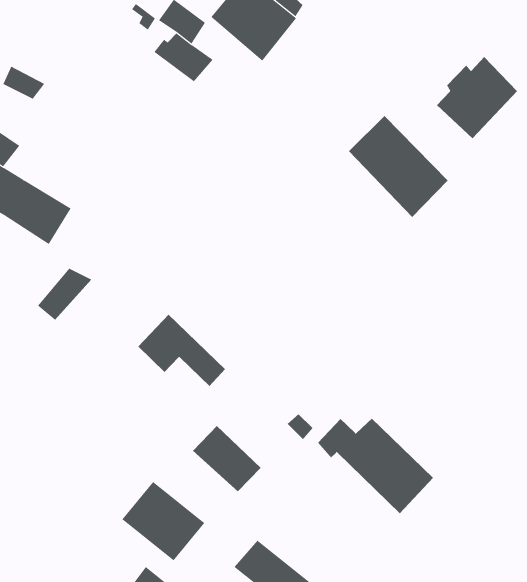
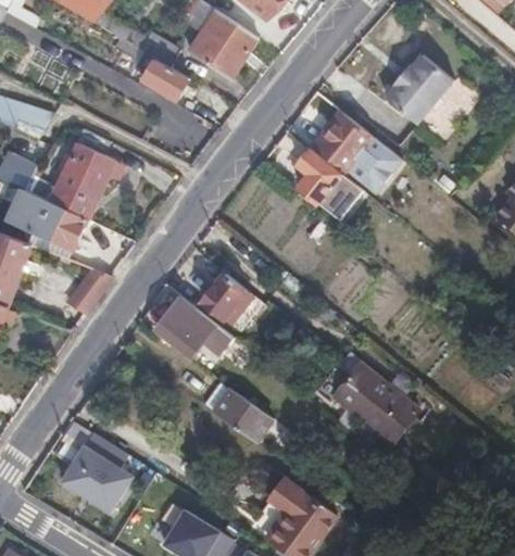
building: none -> [46,125,115,218]
building: none -> [300,150,363,220]
building: none -> [203,273,247,319]
building: [121,481,205,561] -> [62,447,133,513]

